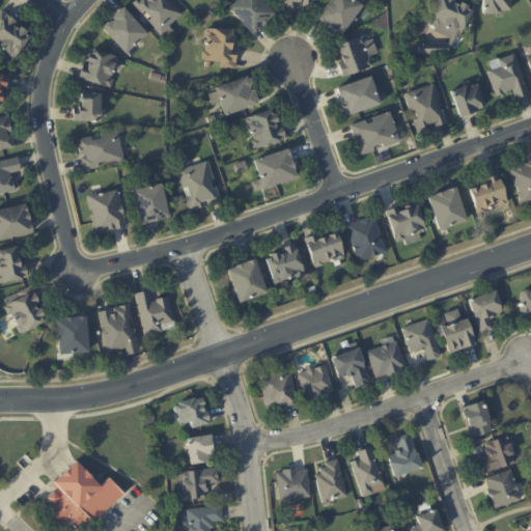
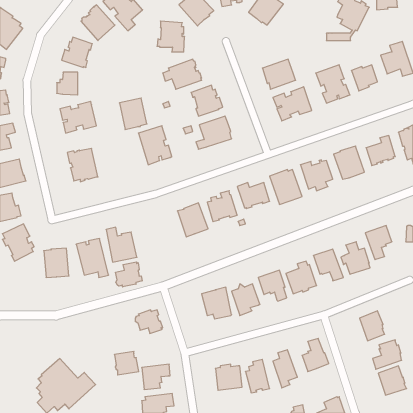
building: [338,35,378,76] -> none
building: [134,184,169,224] -> [119,98,147,130]
building: none -> [116,262,142,287]
building: [186,432,217,463] -> [114,351,139,375]

